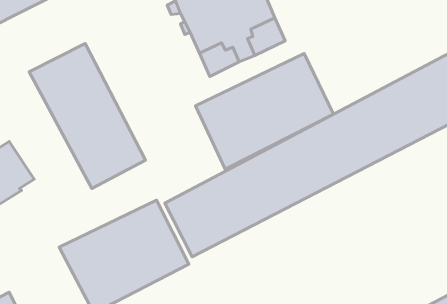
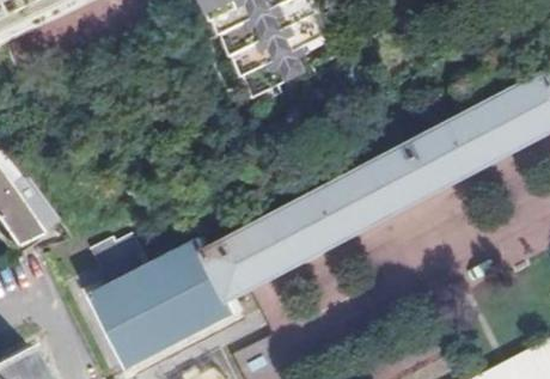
building: [29,43,145,189] -> none
building: [196,54,334,169] -> none

